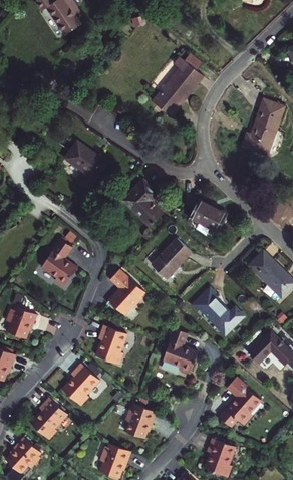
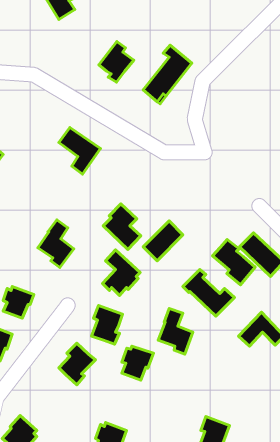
building: none -> [99,42,134,82]
building: [238,101,278,156] -> none
building: [120,181,159,227] -> [103,204,141,250]
building: [191,202,225,232] -> none
building: none -> [213,239,255,285]
building: [219,376,262,426] -> none
building: [31,396,68,439] -> none
building: [125,404,158,438] -> [122,346,154,380]

